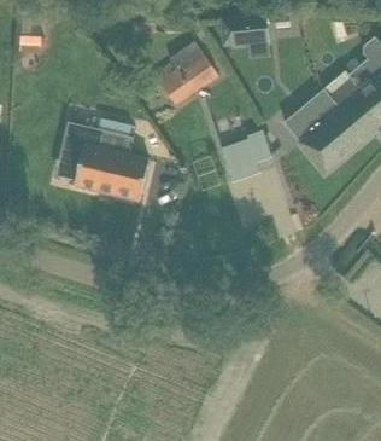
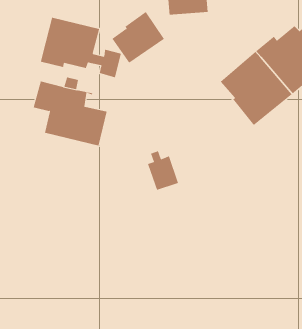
building: none -> [40,17,122,78]
building: [222,134,259,181] -> [147,151,179,190]

